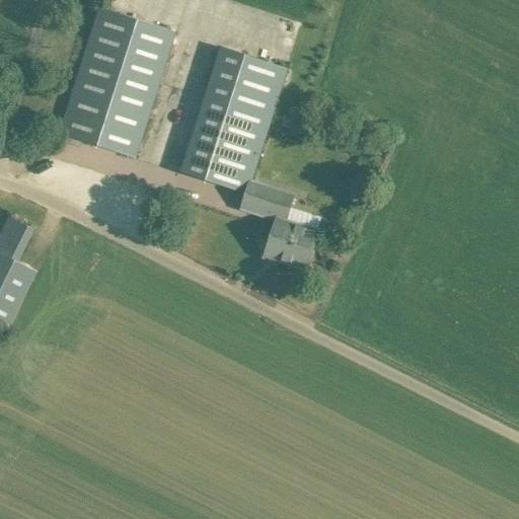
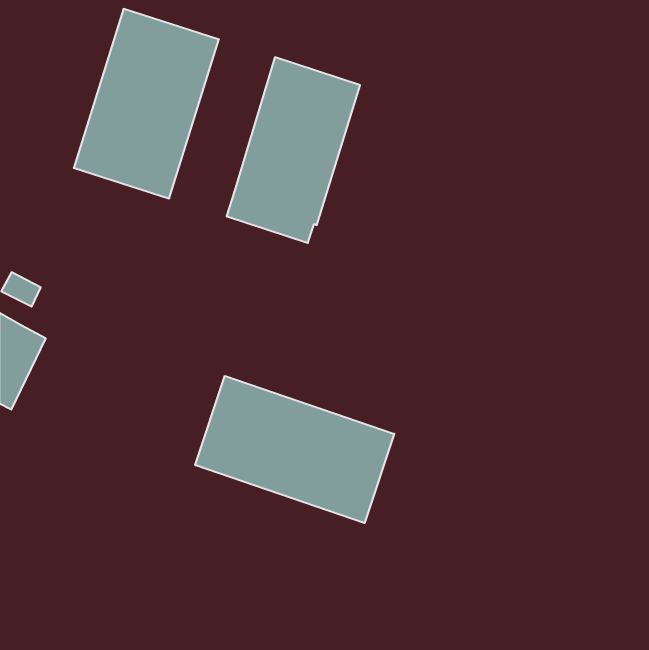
building: [241,178,318,269] -> none
building: none -> [195,376,394,523]

